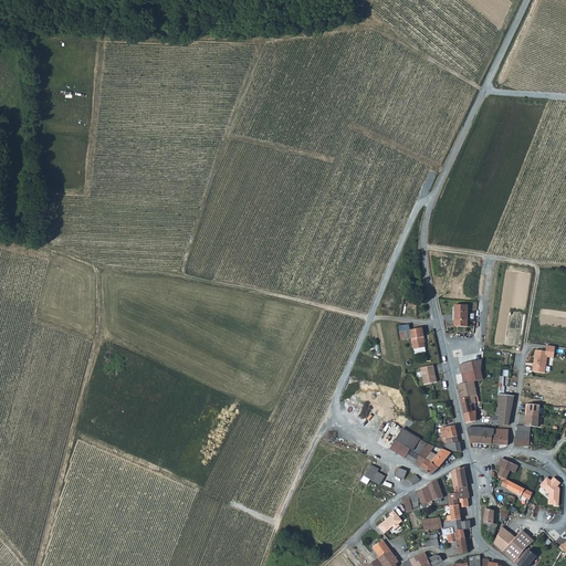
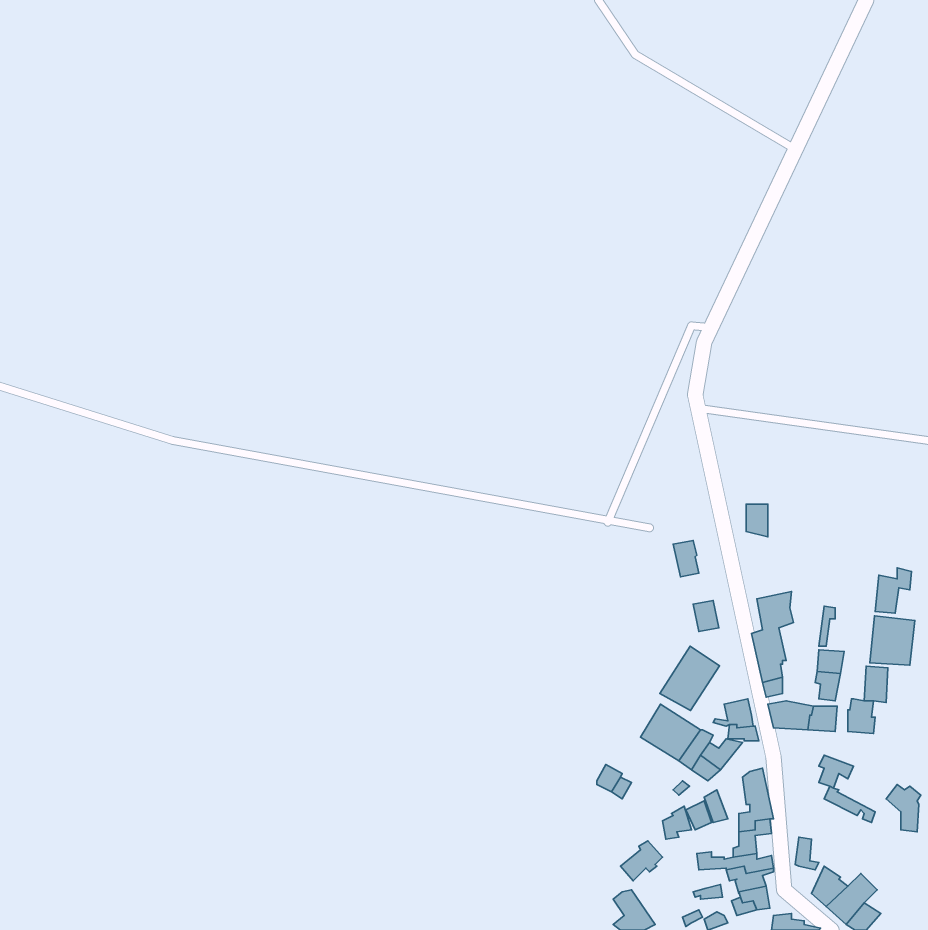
building: none -> [870,616,915,665]
building: none -> [660,646,719,710]

